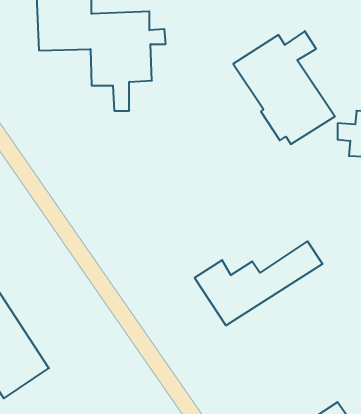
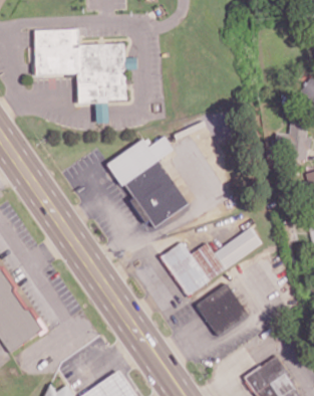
building: [233,31,335,144] -> [106,136,188,226]
building: none -> [194,282,248,337]

